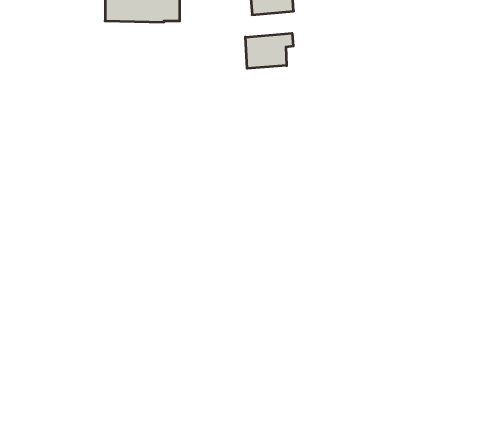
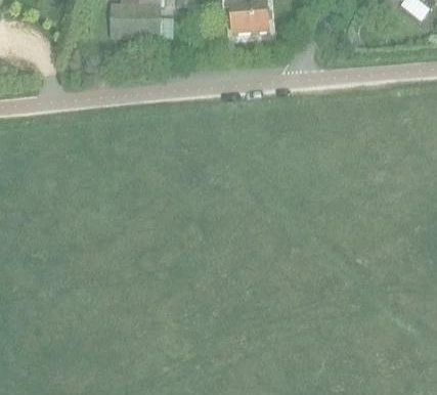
building: [245,33,293,68] -> none

